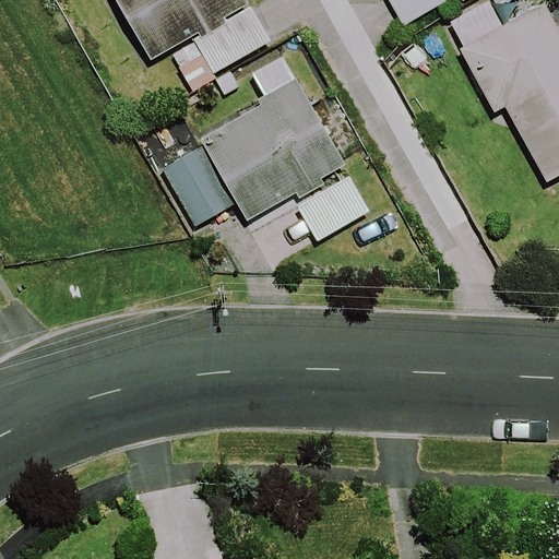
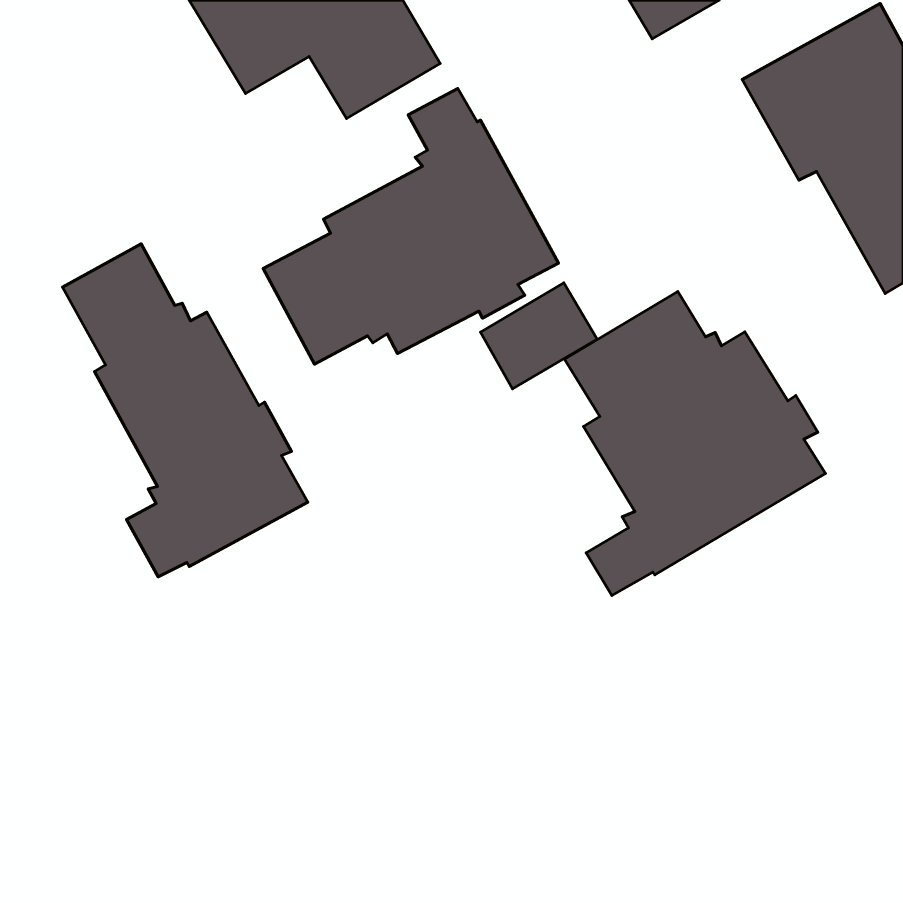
building: none -> [63,244,308,577]
building: none -> [565,292,825,595]

